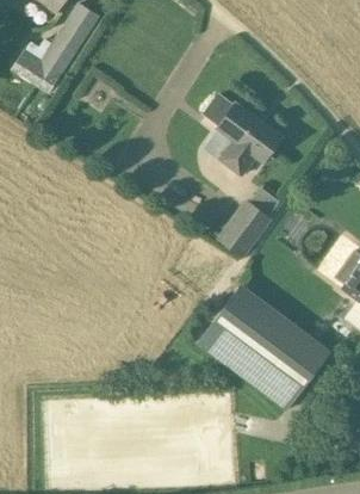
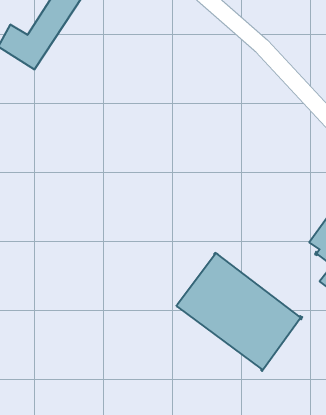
building: [203,91,281,173] -> none
building: [216,198,274,258] -> none

